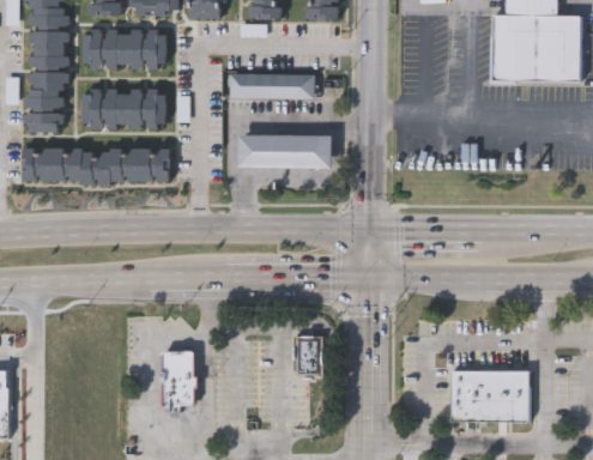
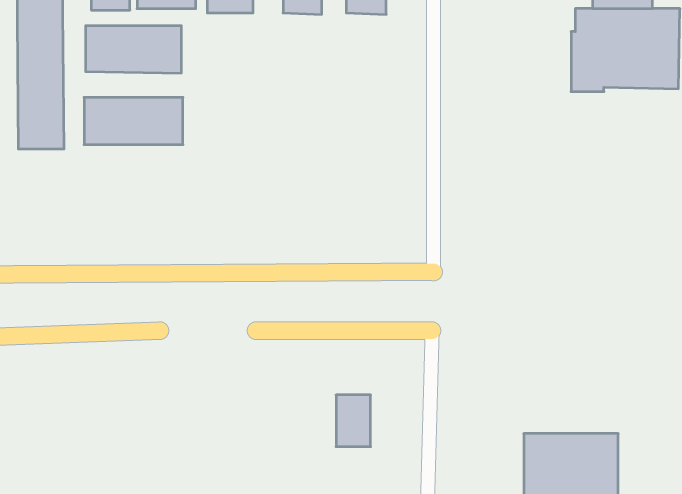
building: [230,72,315,98] -> none
building: [238,134,333,168] -> none
building: [23,149,170,183] -> none
building: [163,353,195,410] -> none

